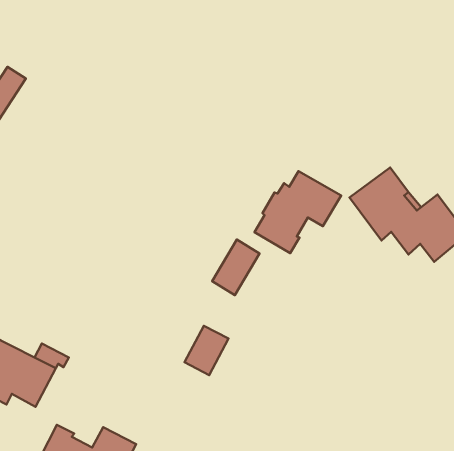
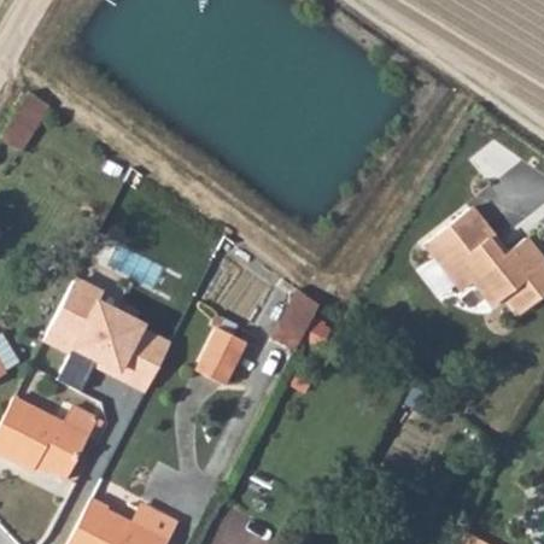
building: [255,171,341,253] -> none
building: none -> [46,280,164,382]
building: [184,326,228,375] -> [195,328,245,384]

